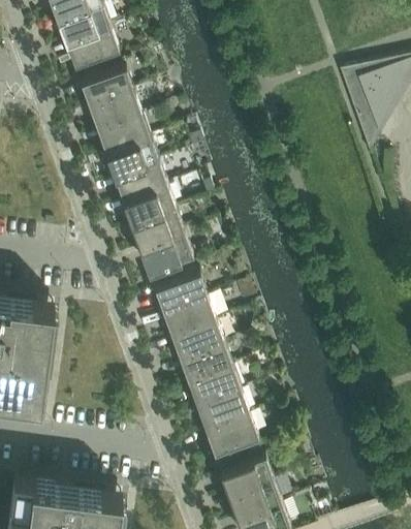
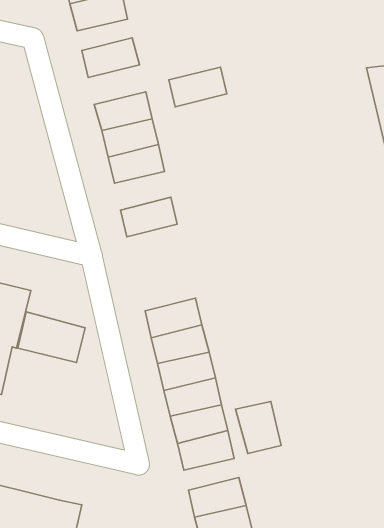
building: [90,95,144,135] -> [169,67,227,107]
building: [124,189,177,228] -> none
building: [140,236,194,276] -> none
building: [155,277,209,317] -> none
building: none -> [18,312,85,362]
building: none -> [236,401,281,453]

